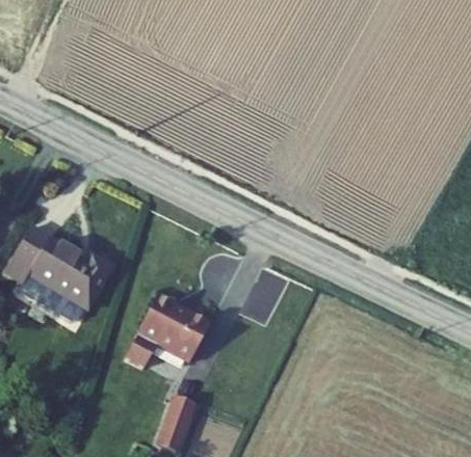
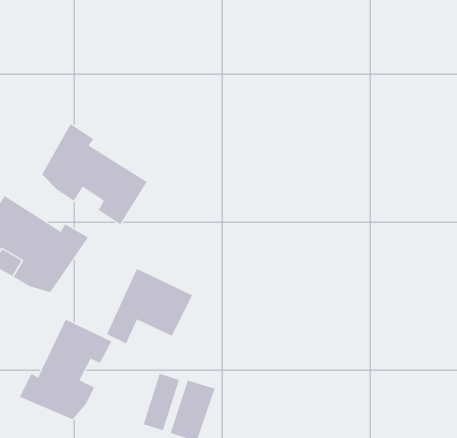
building: none -> [41,123,148,225]
building: none -> [19,319,112,420]

